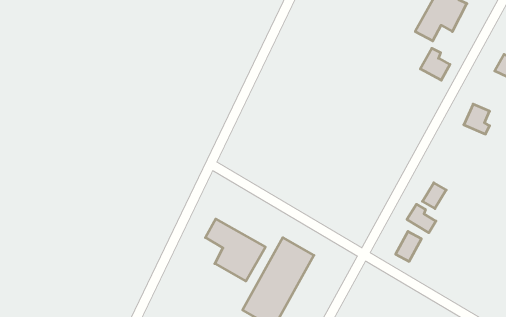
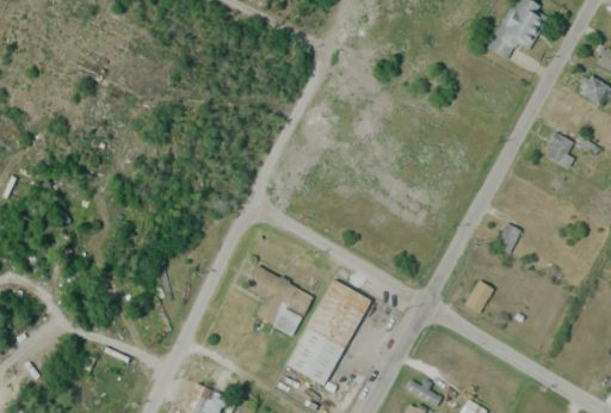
building: [420,48,450,80] -> none
building: [407,204,436,233] -> none

